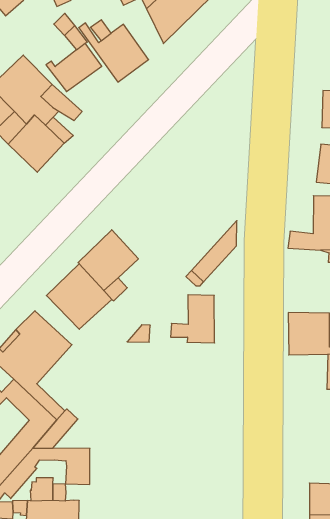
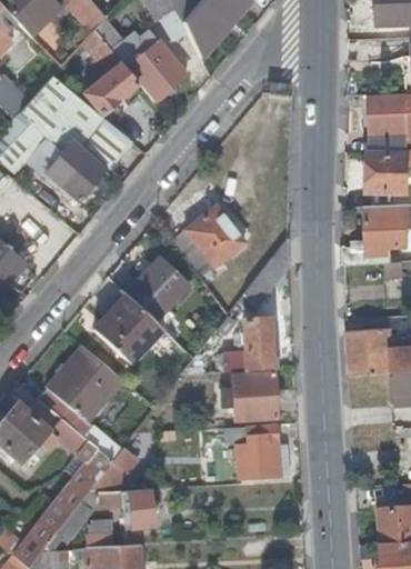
building: none -> [171,204,243,278]
building: none -> [220,371,277,419]
building: none -> [221,423,290,478]

